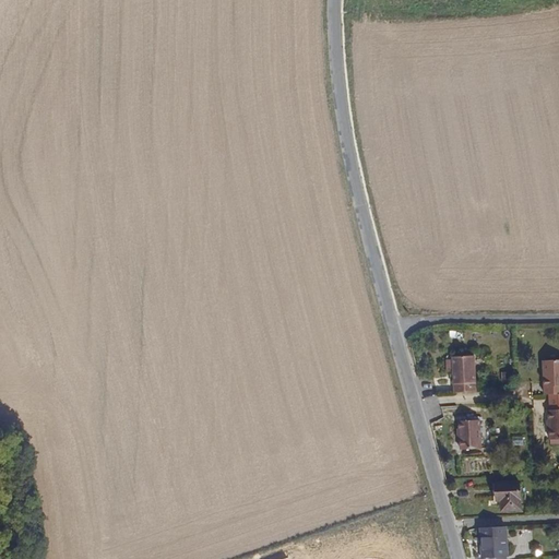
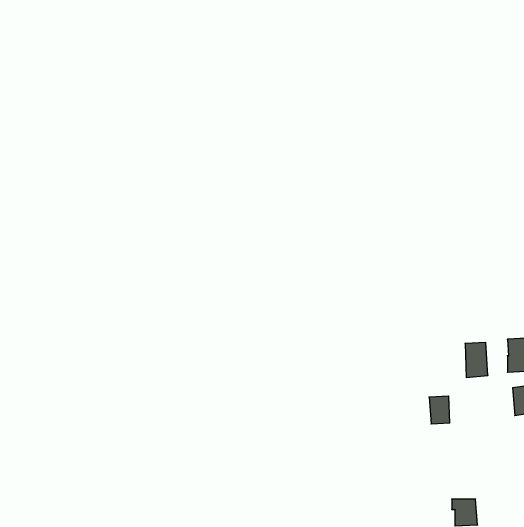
building: [450,355,474,392] -> [465,342,488,377]
building: [495,483,521,511] -> none

